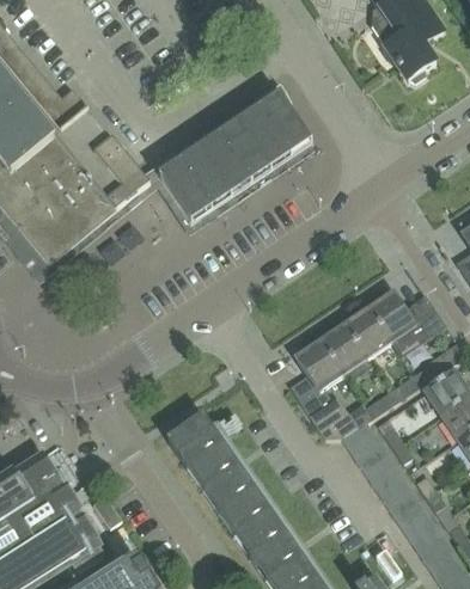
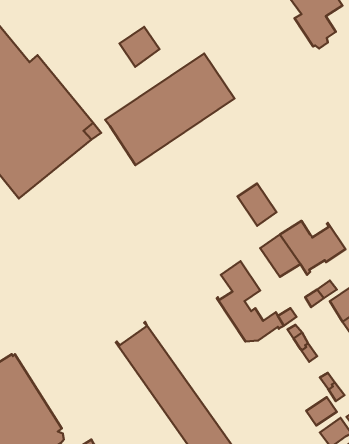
building: none -> [119,27,159,67]
building: [319,324,367,375] -> [237,184,277,226]
building: [341,419,420,515] -> none

